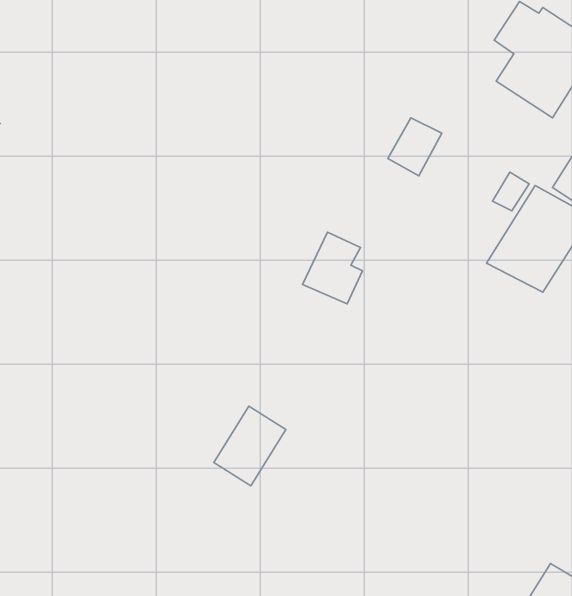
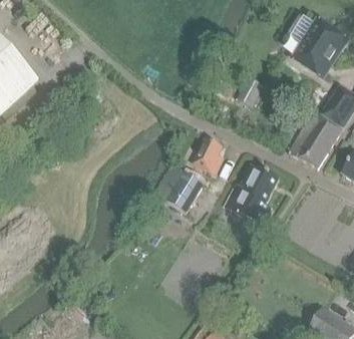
building: none -> [224,163,278,225]
building: [214,406,286,486] -> [166,171,204,212]

